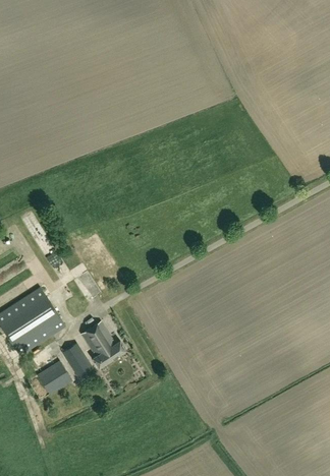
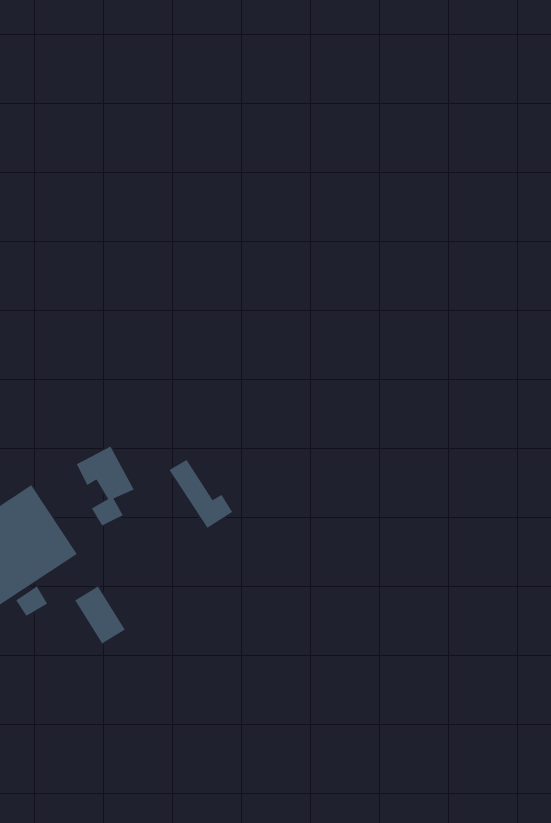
building: [90,320,125,359] -> [168,459,233,529]
building: [37,360,71,395] -> none

